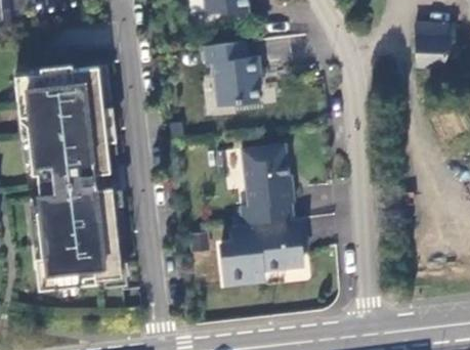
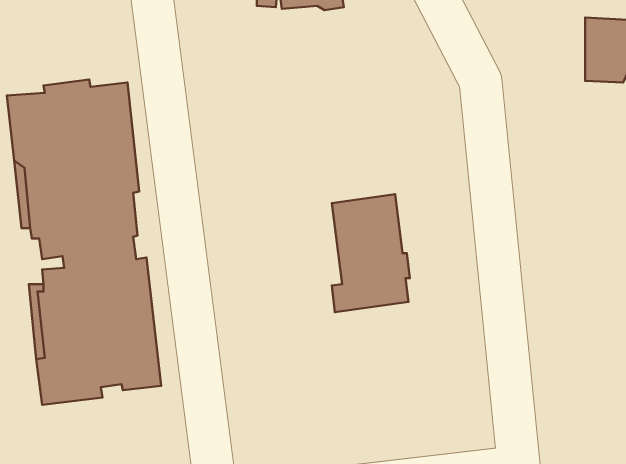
building: [204,43,261,108] -> none
building: [221,218,307,286] -> none

